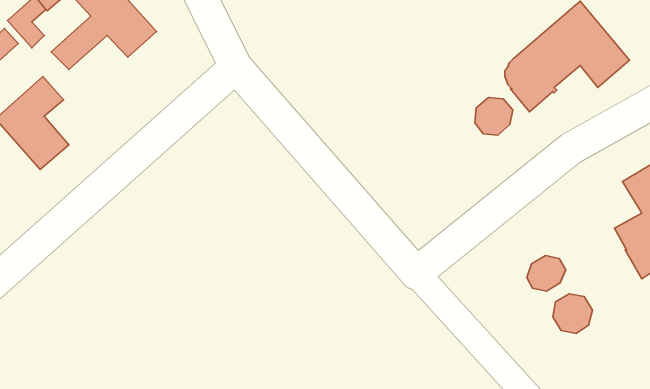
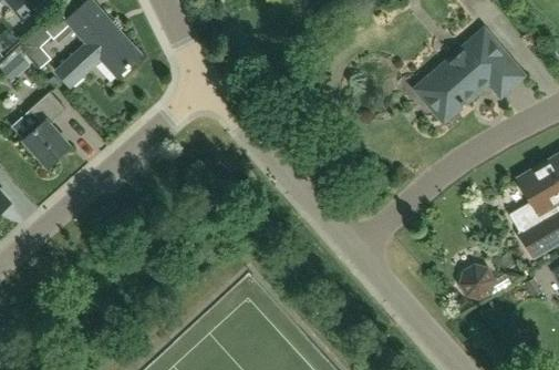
building: [475,97,513,135] -> none
building: [527,255,566,291] -> none

